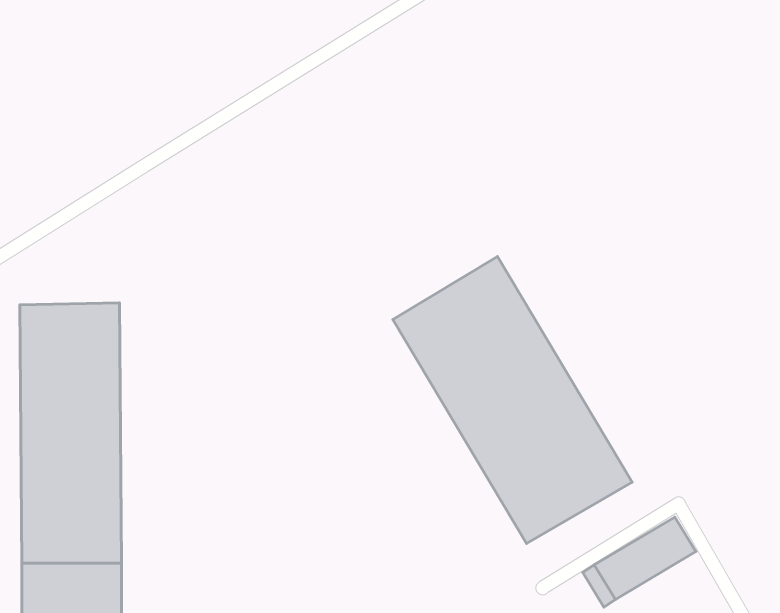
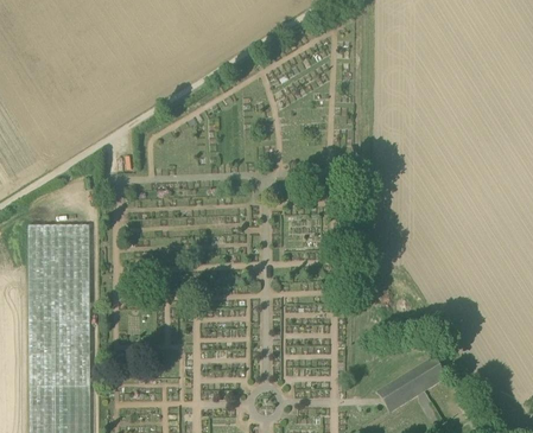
building: [393,256,632,544] -> none

